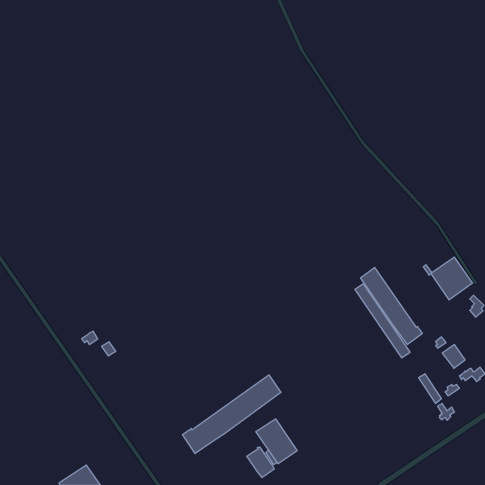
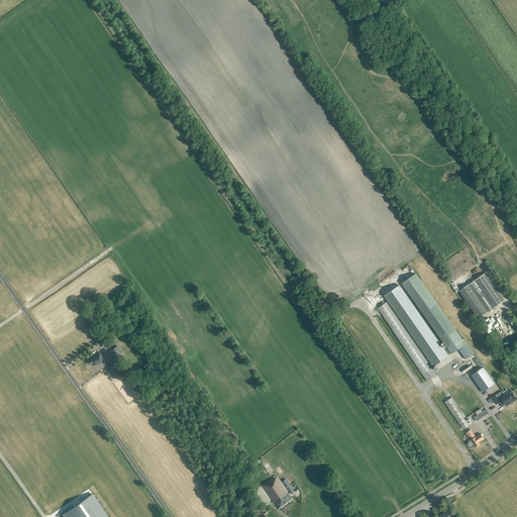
building: none -> [401,274,474,359]
building: [183,375,281,454] -> none
building: [256,419,297,464] -> none

